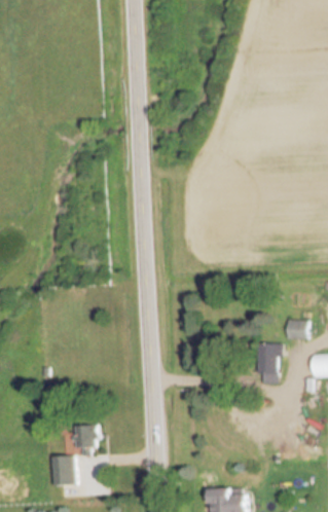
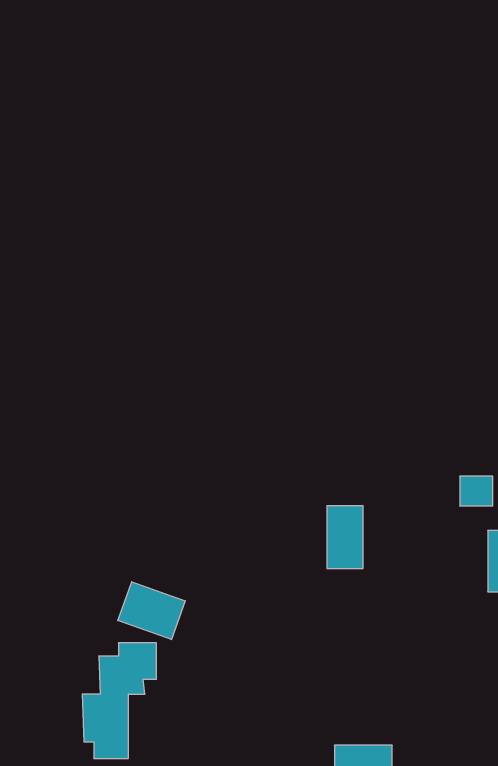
building: [258,342,281,381] -> [327,506,363,568]
building: none -> [118,582,185,640]

